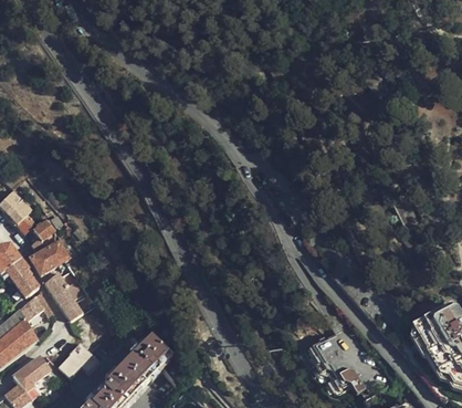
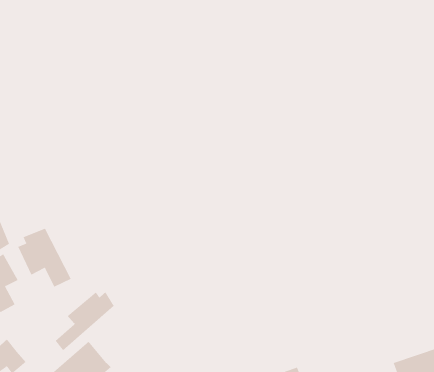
building: none -> [17,228,71,287]
building: none -> [55,291,115,351]

